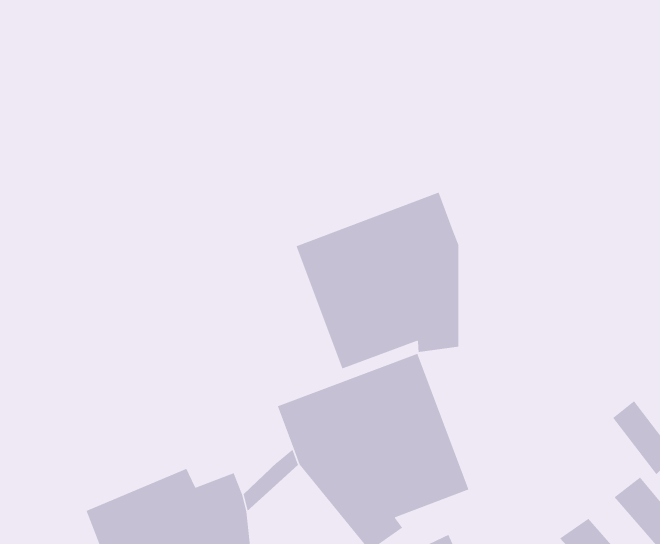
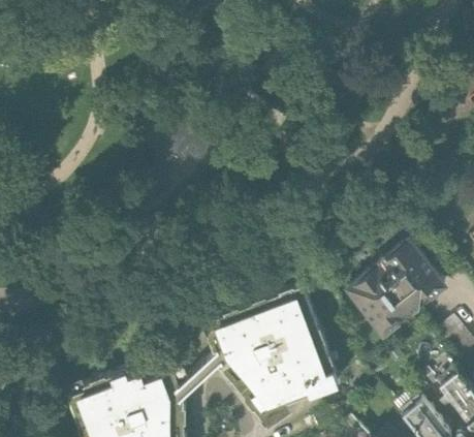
building: [295,191,459,369] -> none
building: none -> [349,241,445,334]

